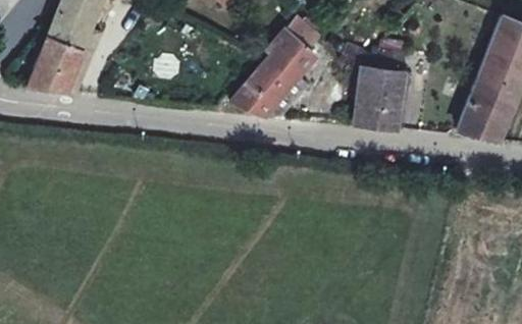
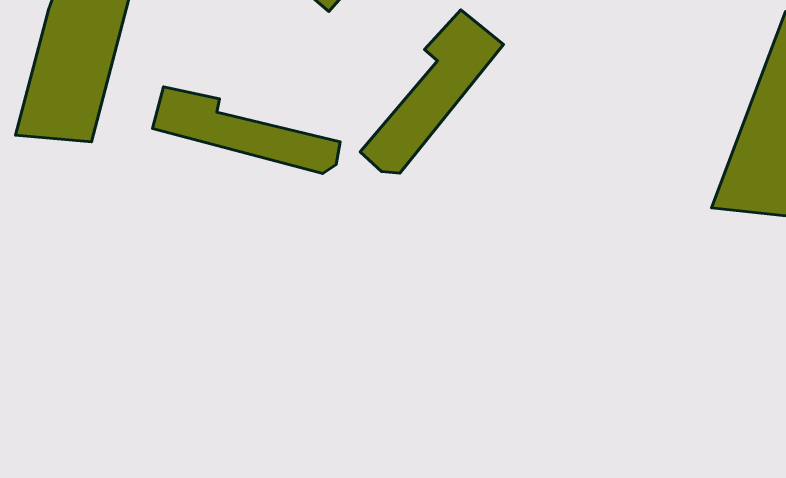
building: none -> [153,87,340,173]
building: [350,60,406,125] -> none

